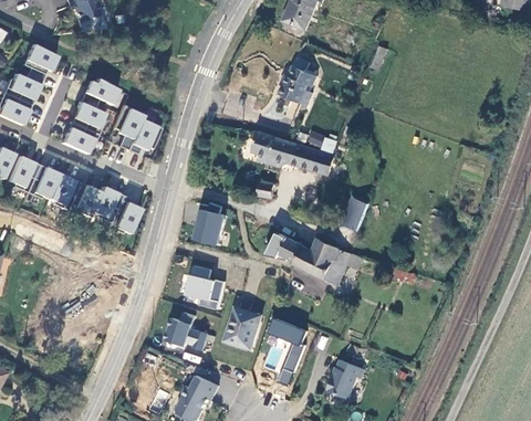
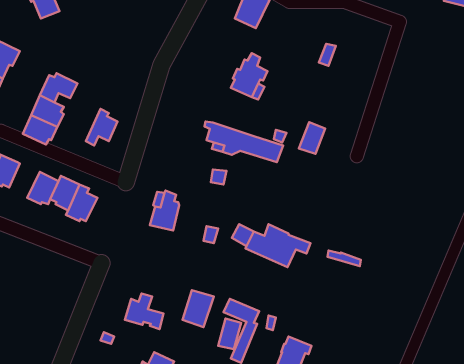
building: [112,106,142,150] -> none
building: [45,173,77,210] -> none
building: [341,196,368,229] -> [299,122,325,154]
building: [187,264,225,307] -> none

